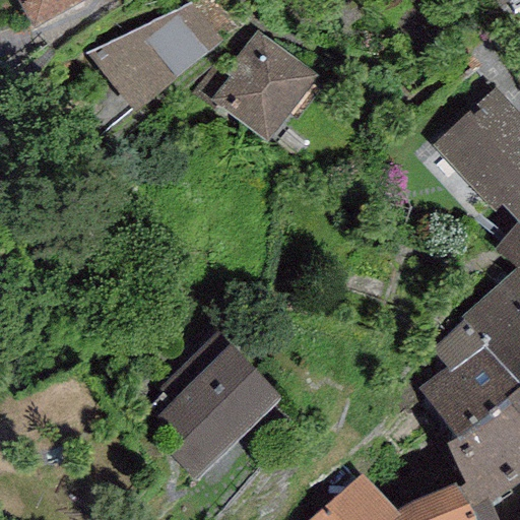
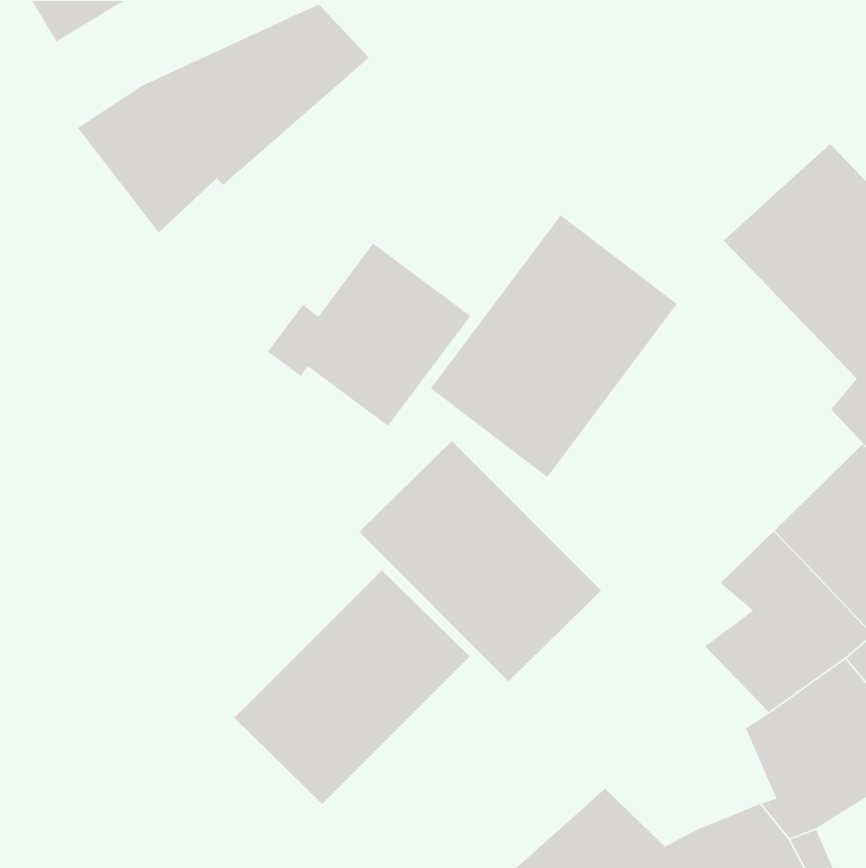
building: [196,30,318,140] -> [267,243,472,427]
building: none -> [430,214,678,478]
building: none -> [358,440,602,682]

